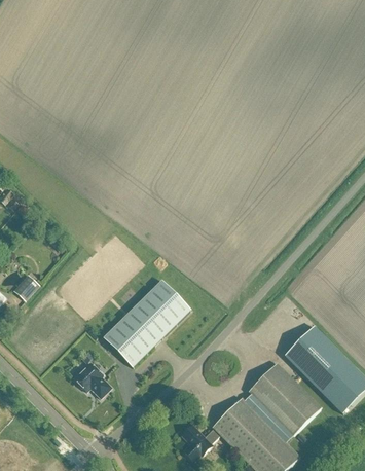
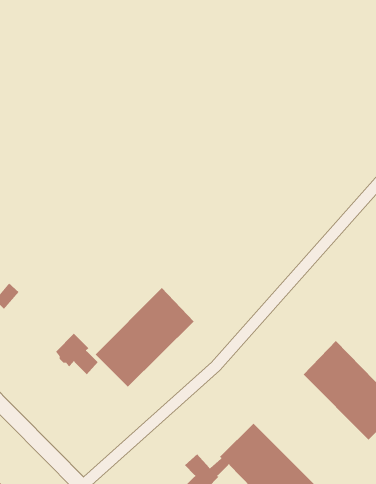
building: [73,361,111,398] -> [55,333,99,375]
building: [249,363,321,435] -> none

